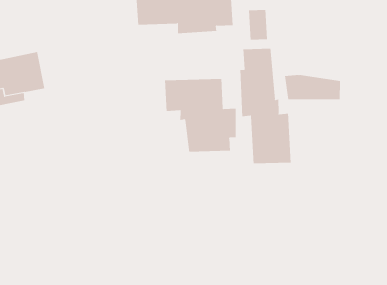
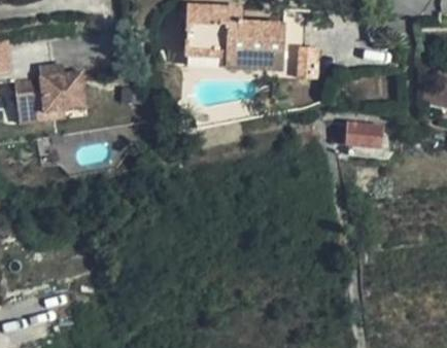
building: [240,48,291,164] -> none
building: [165,78,236,153] -> none

